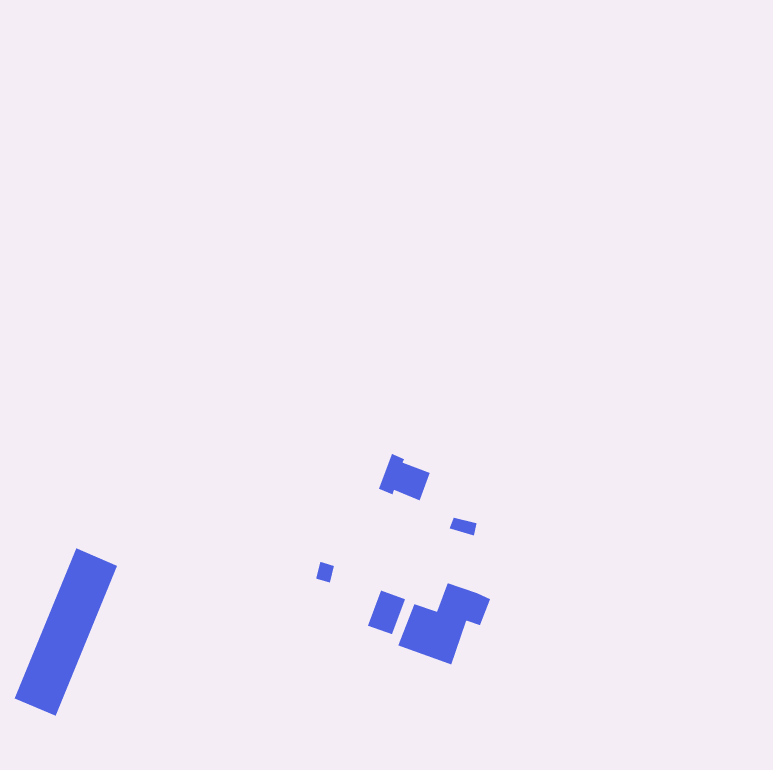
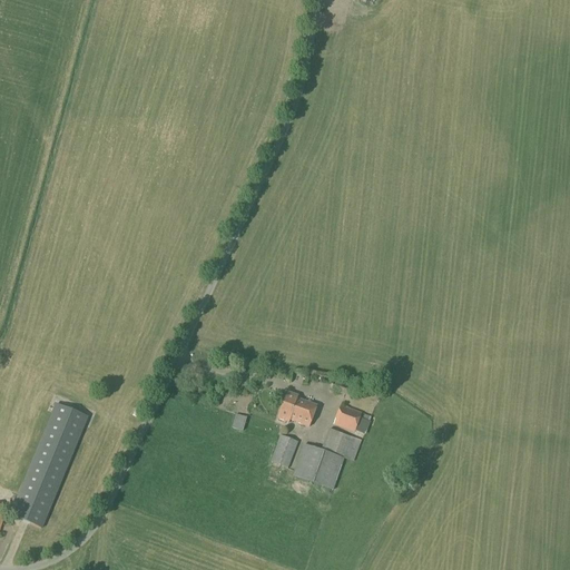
building: [378,453,431,501] -> [278,390,317,425]
building: none -> [334,403,372,433]

